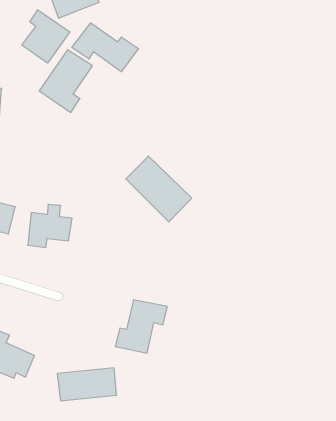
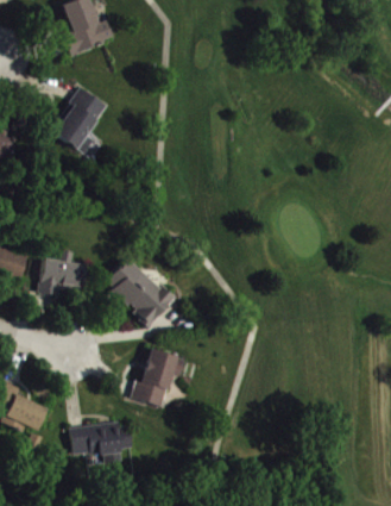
building: [22,10,70,63] -> none
building: [72,23,138,72] -> none
building: [126,156,192,222] -> [103,257,172,326]

